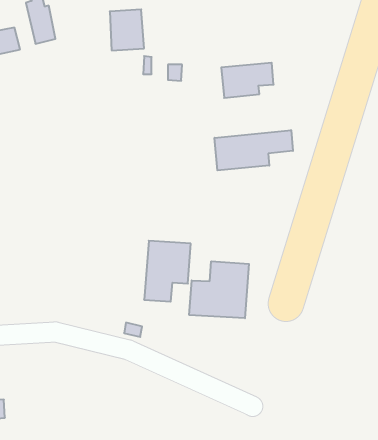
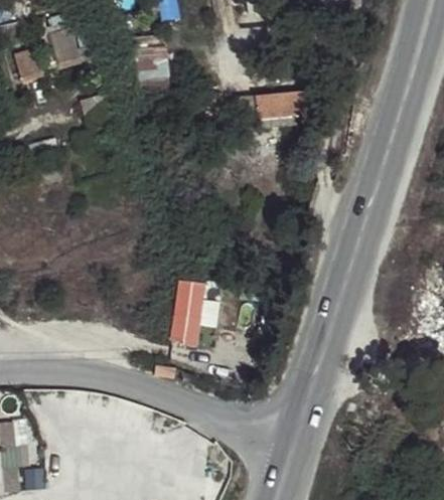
building: [215,130,293,170] -> none
building: [189,261,249,318] -> none

